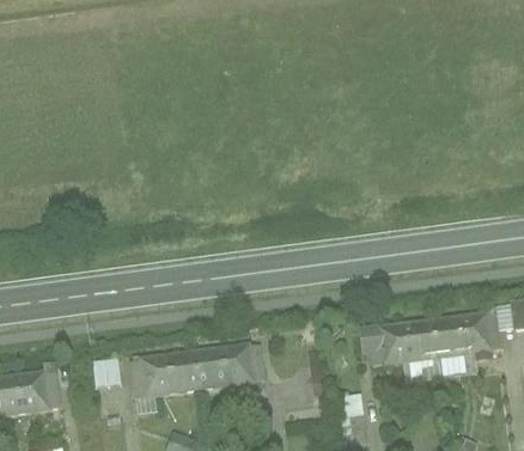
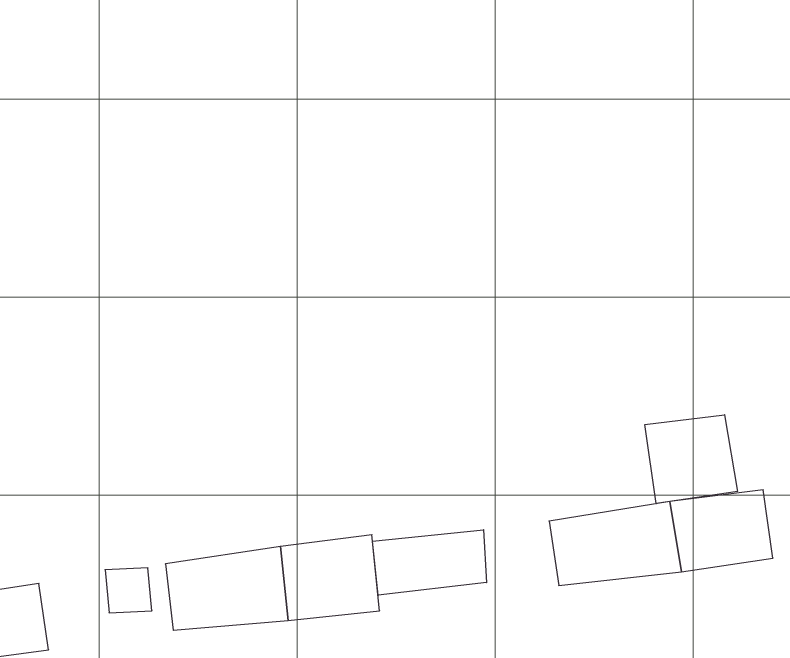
building: none -> [645,415,738,504]
building: none -> [373,530,487,595]

